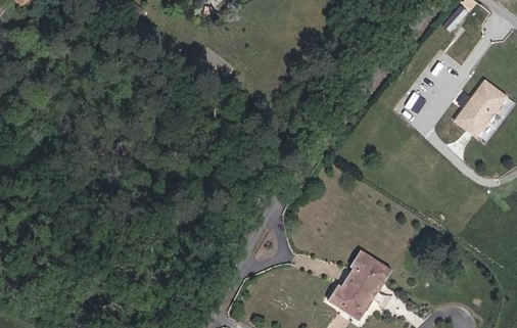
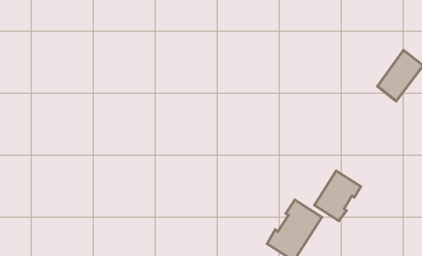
building: none -> [314,171,361,221]

